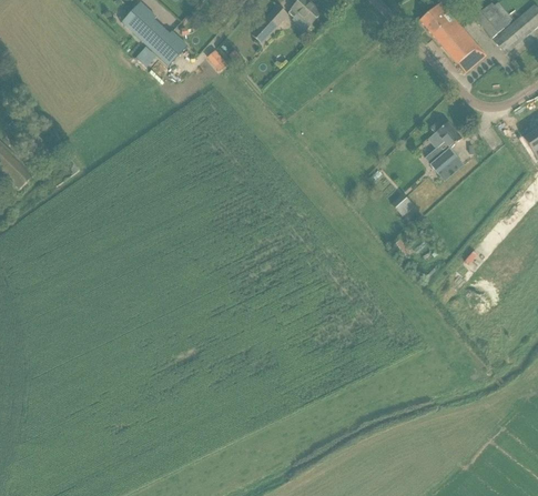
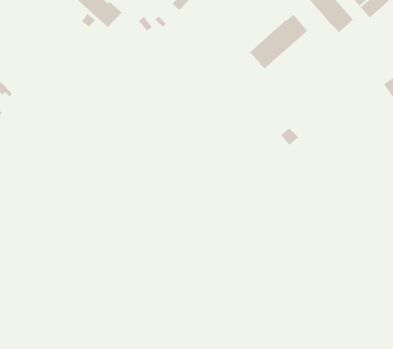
building: none -> [250,14,308,69]
building: [429,121,461,173] -> none

